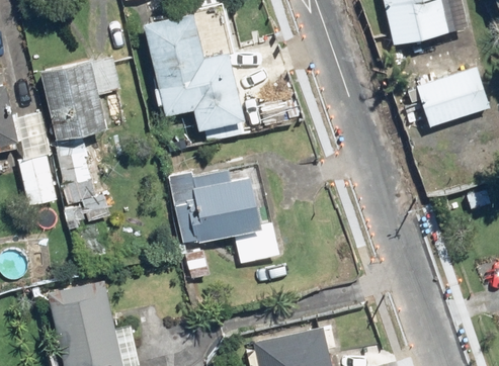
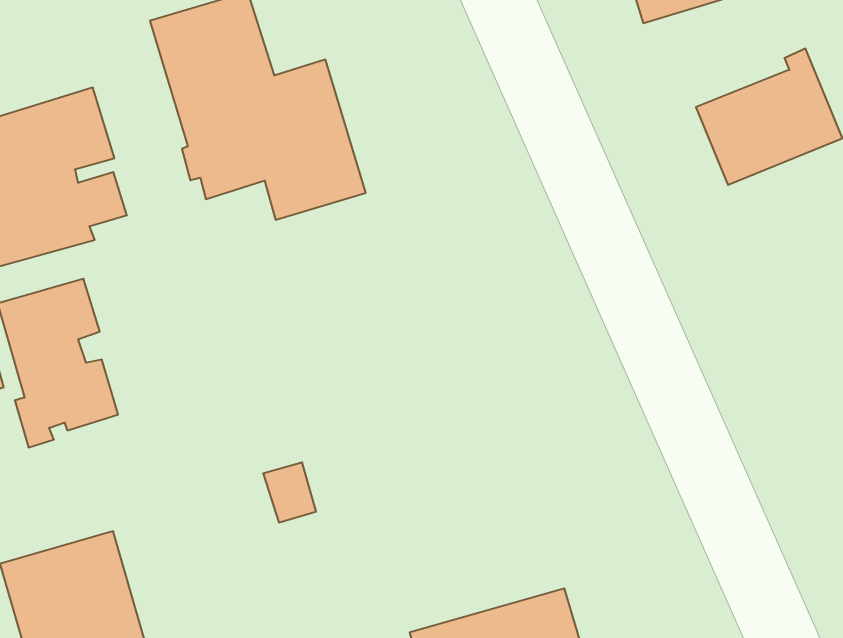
building: [167,171,279,266] -> none

